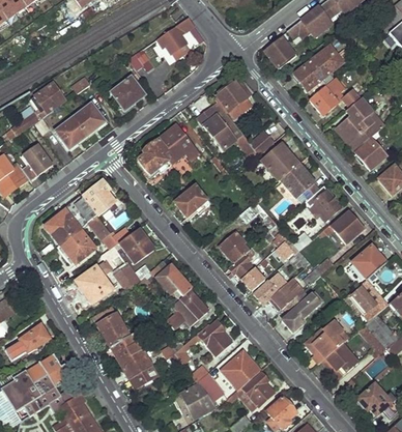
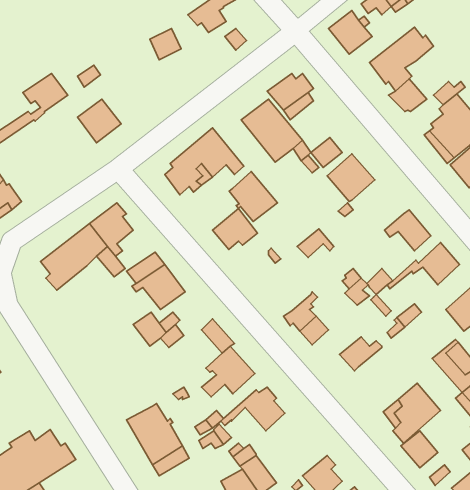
building: [111,76,145,109] -> none
building: [54,116,87,150] -> none
building: [23,145,54,181] -> none
building: none -> [229,172,277,222]
building: [281,164,320,205] -> none
building: [57,229,95,263] -> none
building: [220,232,250,263] -> none
building: [77,244,119,300] -> none
building: [254,272,288,304] -> none
building: [282,291,323,333] -> none
building: [93,305,130,346] -> none
building: [20,324,50,351] -> none
building: [222,352,261,390] -> none

